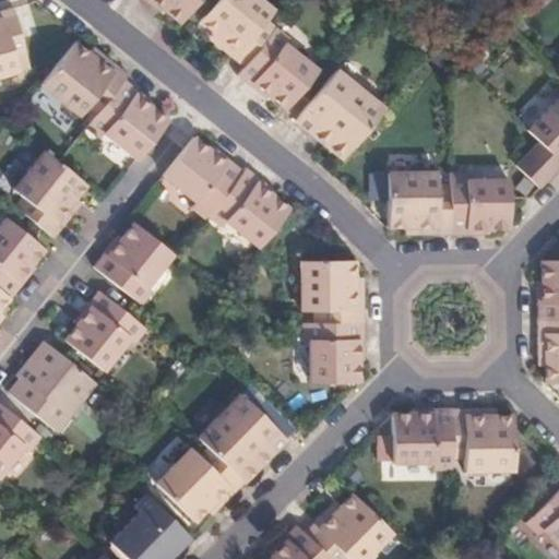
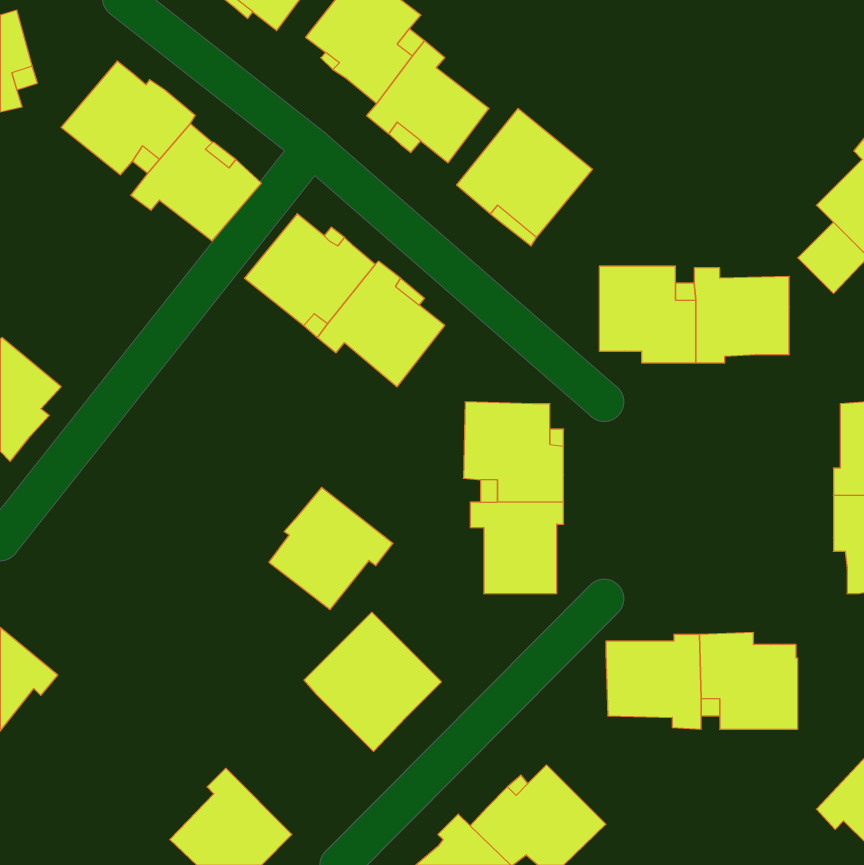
building: [13,151,85,236] -> none
building: [93,223,170,304] -> none
building: [64,290,144,369] -> [269,487,393,610]
building: [8,341,95,430] -> none
building: [155,447,242,521] -> none

